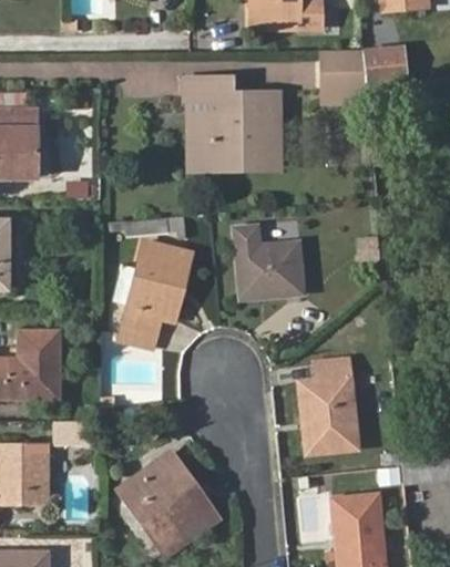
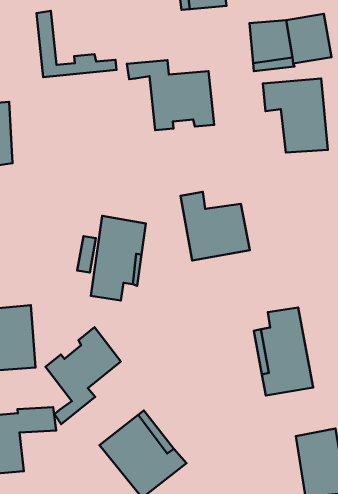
building: [195,96,276,167] -> [37,11,116,77]
building: none -> [263,78,328,153]
building: none -> [46,327,121,424]

